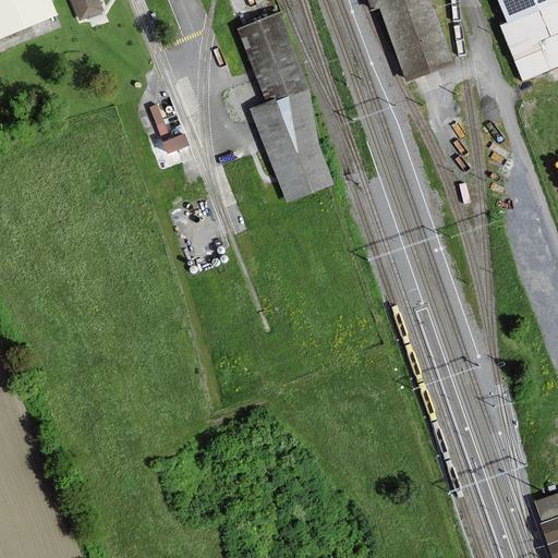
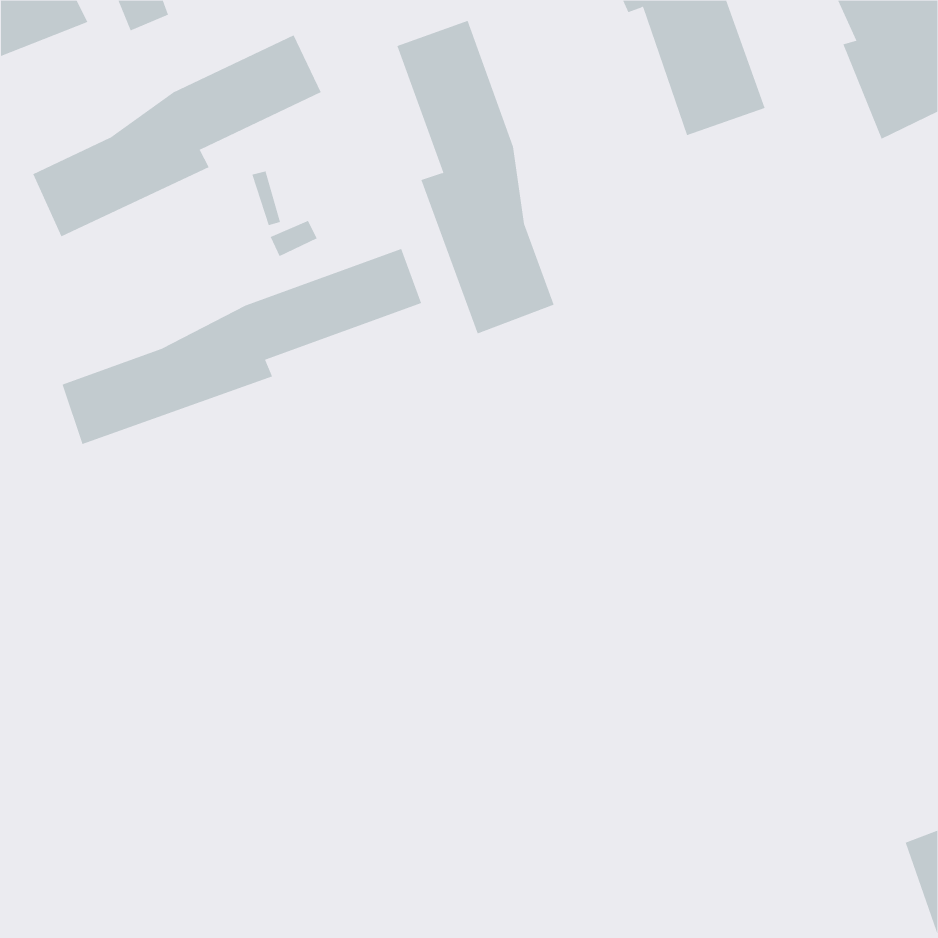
building: none -> [32,35,322,237]
building: none -> [62,248,422,445]

